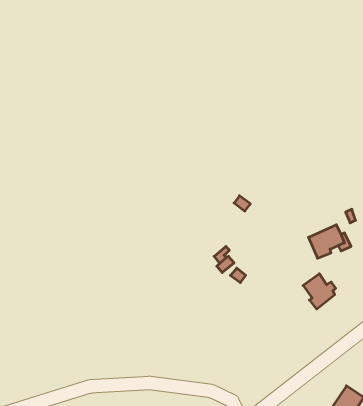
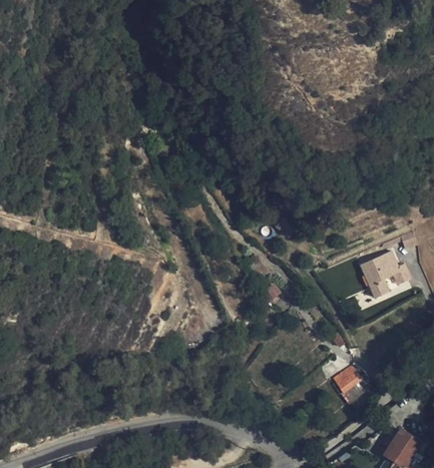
building: [303,274,336,309] -> [333,365,369,404]

